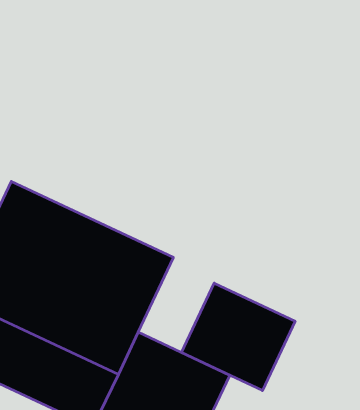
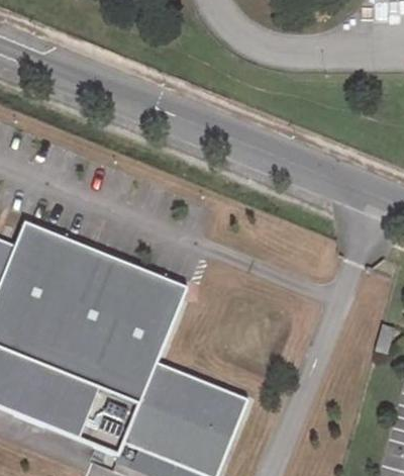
building: [181,283,295,391] -> none

